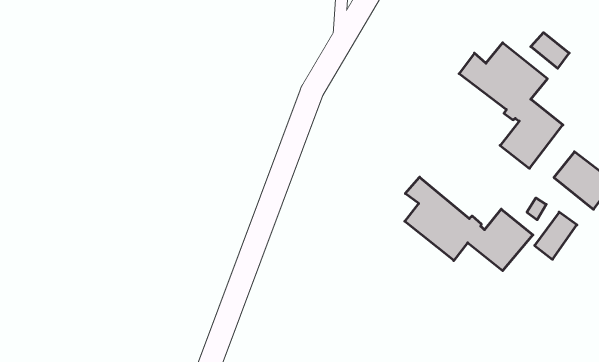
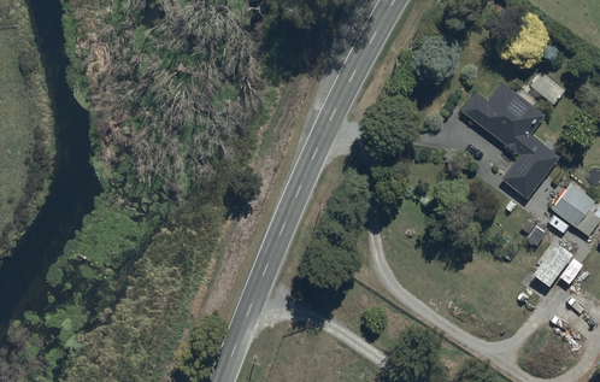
building: [405,177,533,271] -> none

